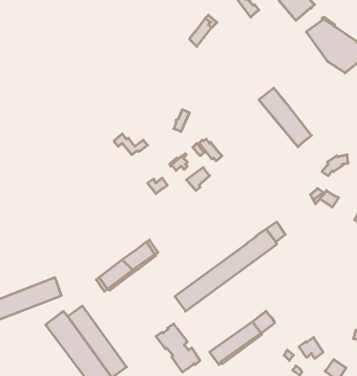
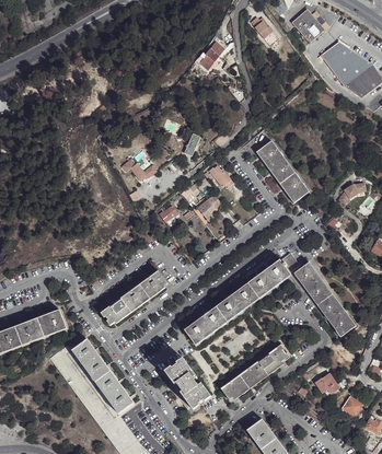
building: [259,88,312,147] -> [254,140,309,201]
building: none -> [292,261,354,337]

